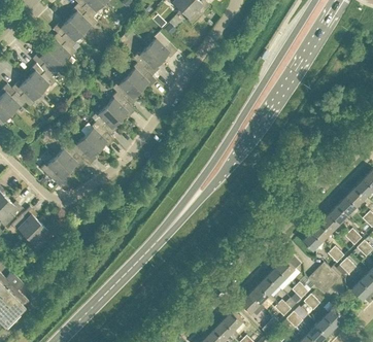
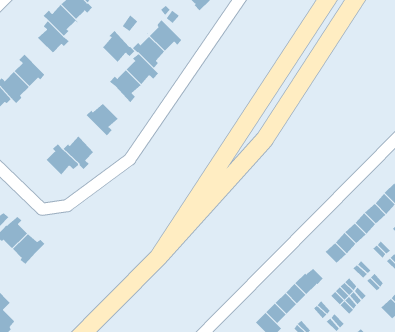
building: [32,48,64,77] -> none
building: [103,92,135,121] -> [99,30,135,63]
building: [81,122,114,150] -> none
building: [40,155,69,186] -> none

